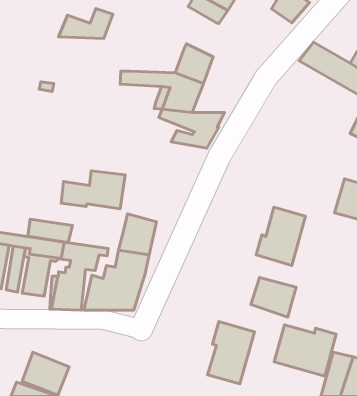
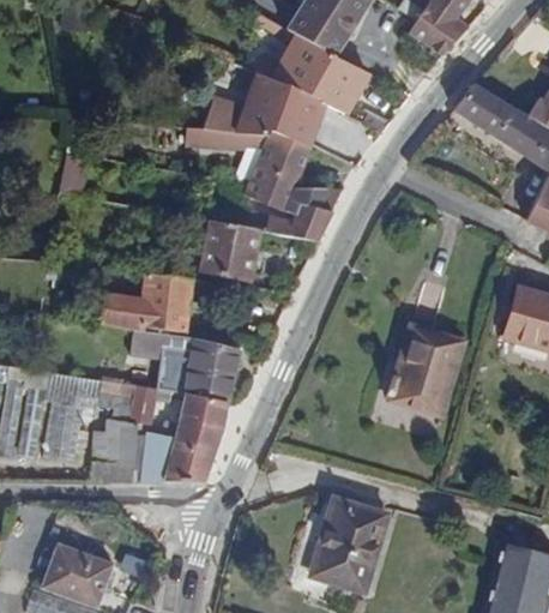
building: [59,9,113,38] -> [201,85,282,130]
building: none -> [273,55,367,114]
building: none -> [199,223,259,280]
building: [28,219,72,243] -> [132,329,198,363]
building: [251,278,296,317] -> none
building: [274,325,336,376] -> none

